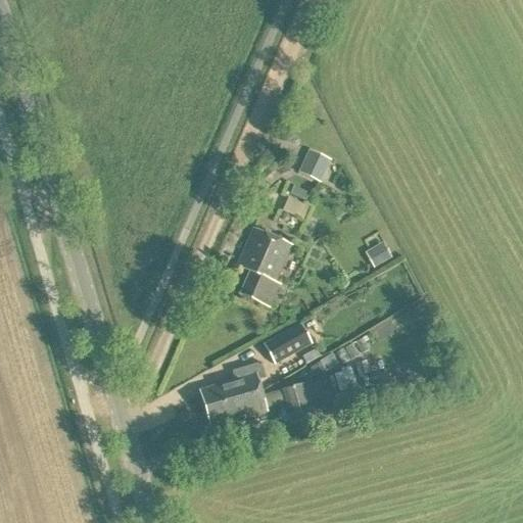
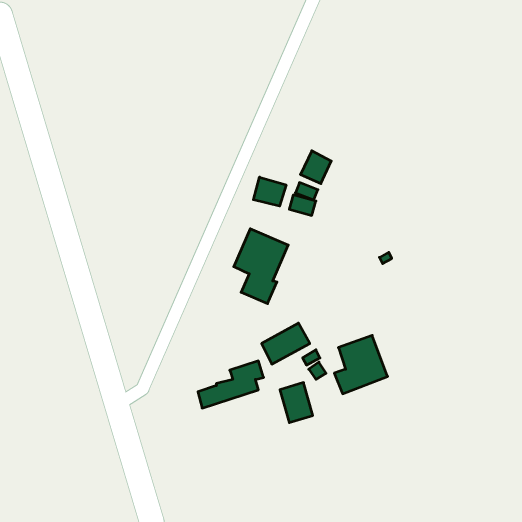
building: none -> [253,177,286,206]
building: [203,388,266,421] -> none

